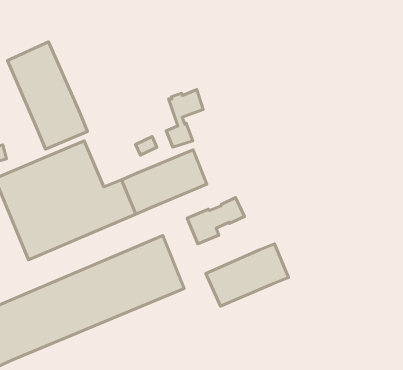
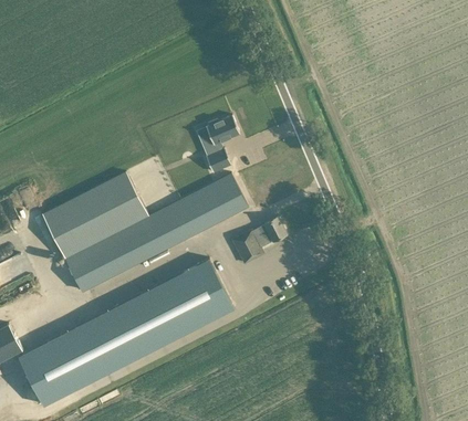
building: [8,42,88,149] -> none
building: [206,244,288,306] -> none

